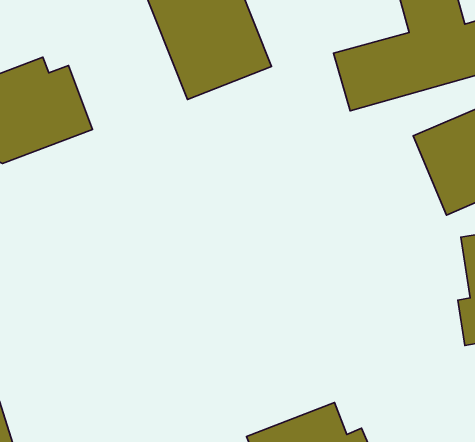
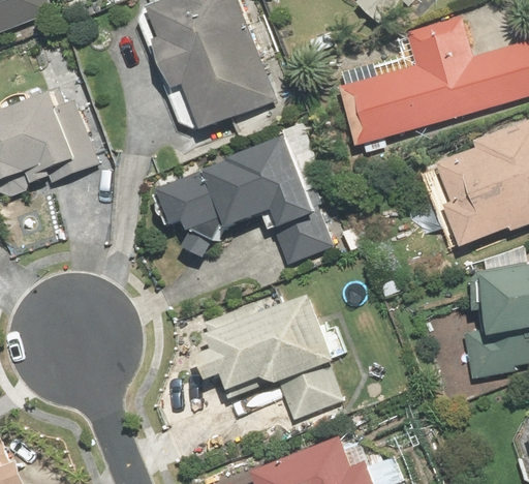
building: none -> [158,138,331,266]
building: none -> [196,294,346,419]

